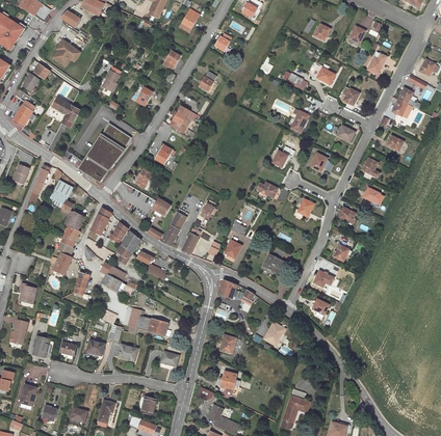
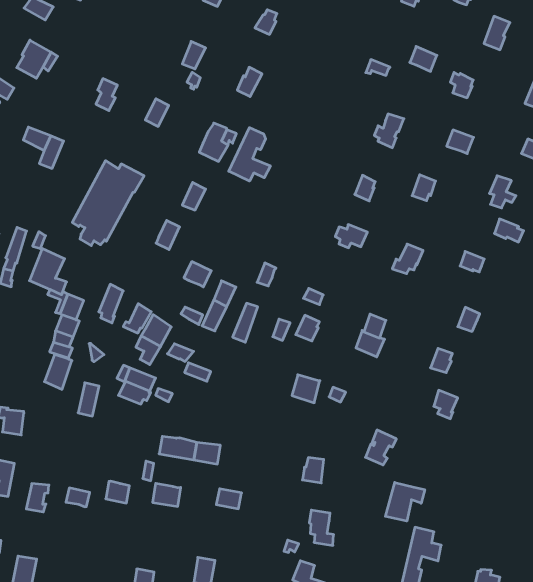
building: none -> [229,128,270,181]
building: none -> [385,482,425,521]

